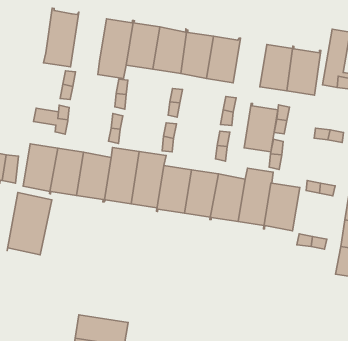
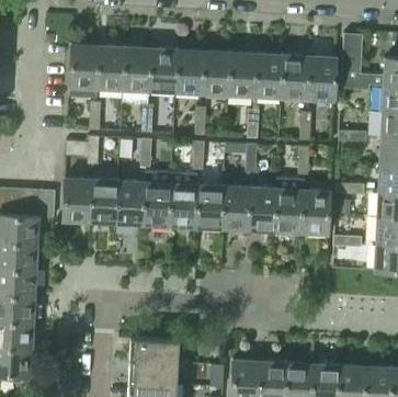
building: none -> [95,45,125,99]
building: [244,103,278,152] -> [254,53,283,98]
building: [7,192,52,255] -> none

